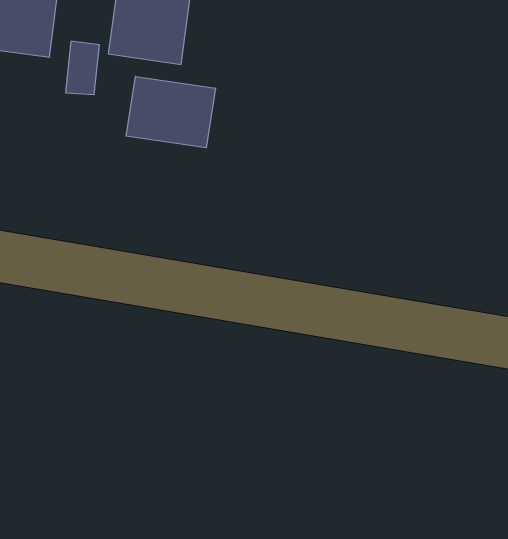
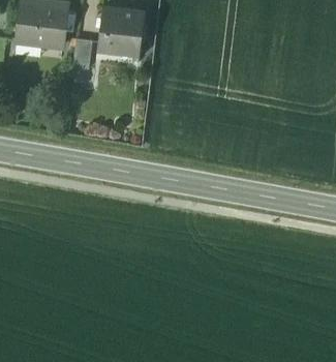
building: [126,76,215,148] -> none

